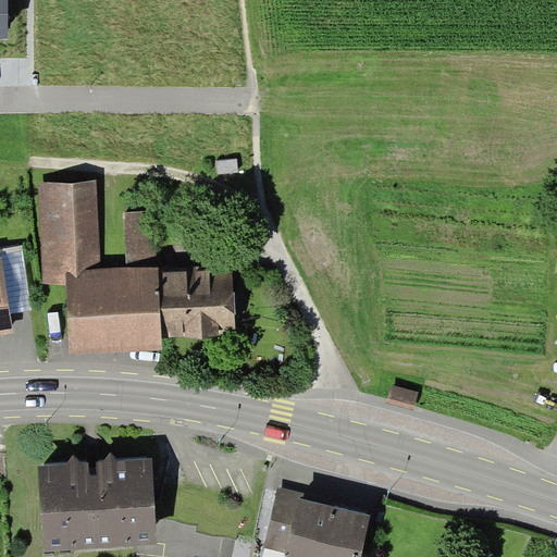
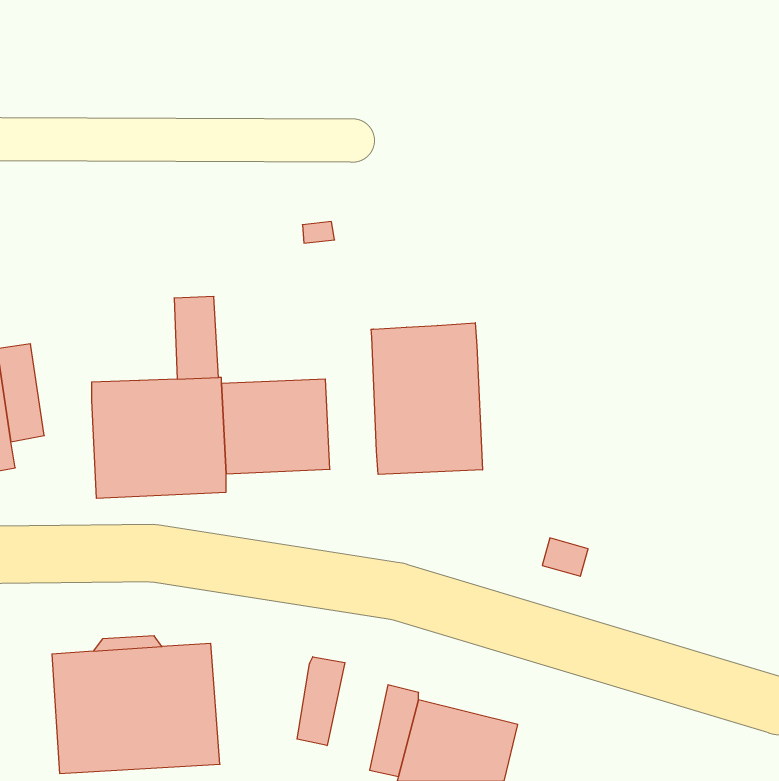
building: [38,181,99,286] -> none
building: none -> [371,323,482,474]
building: none -> [297,657,345,746]

